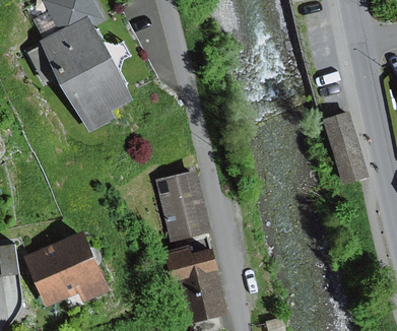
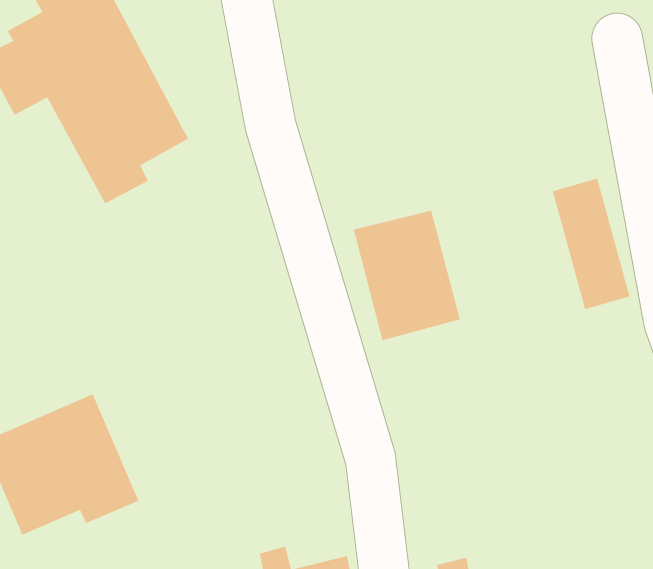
building: [154,171,211,240] -> [353,210,461,341]
building: [164,244,228,319] -> none

